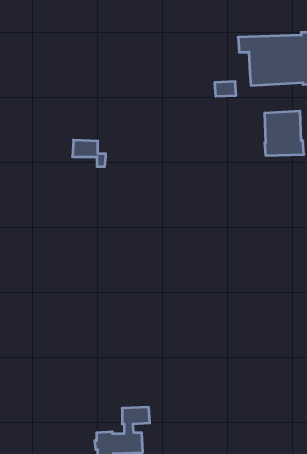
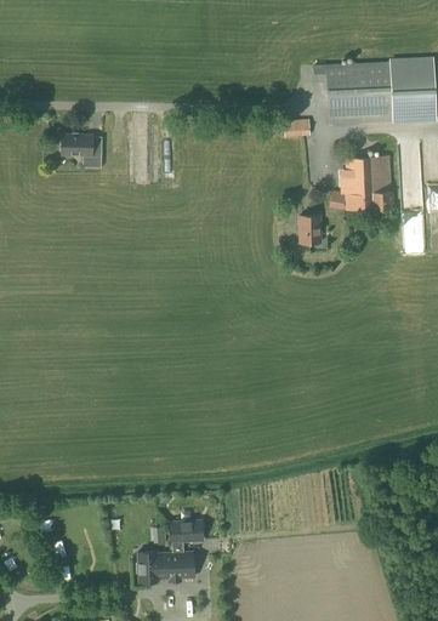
building: [72,140,106,167] -> [61,135,102,167]
building: none -> [300,215,322,243]

